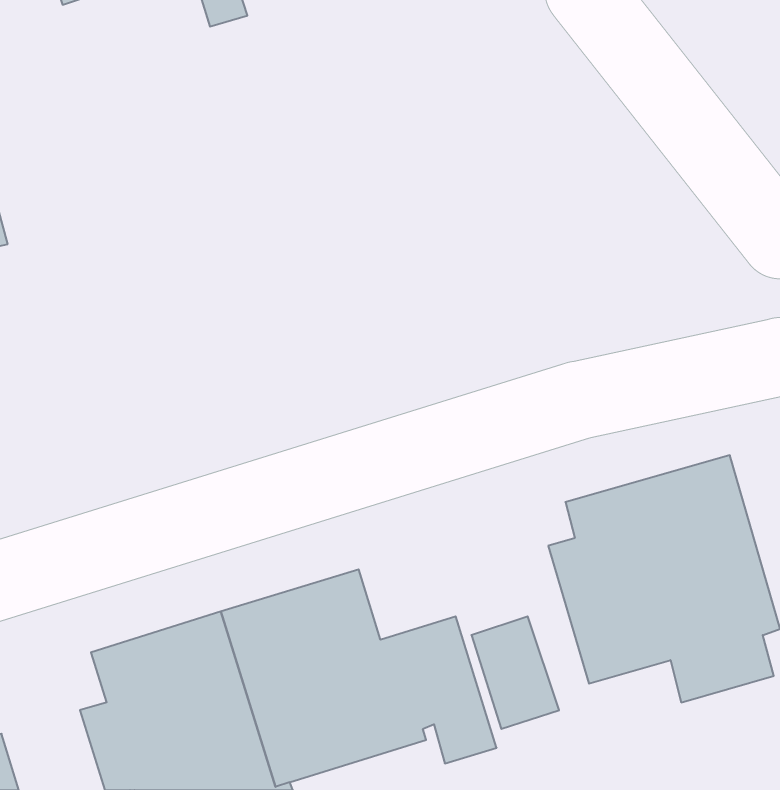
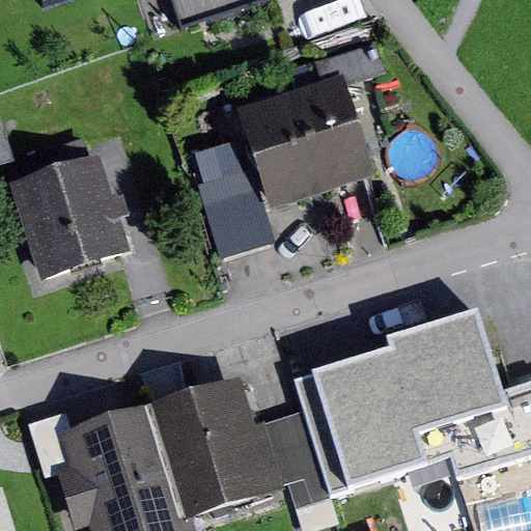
building: none -> [195,74,374,264]
building: none -> [7,153,130,280]

